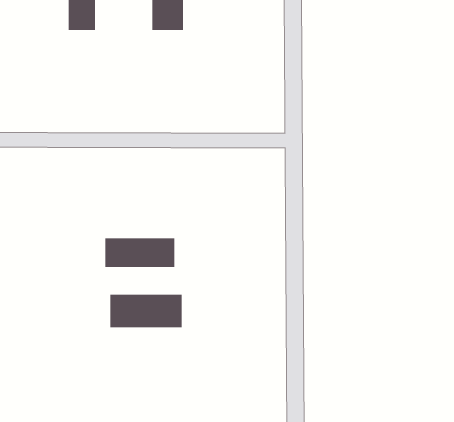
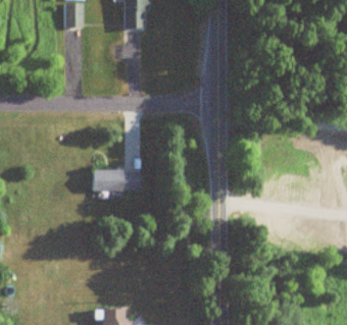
building: [110,294,182,328] -> none

